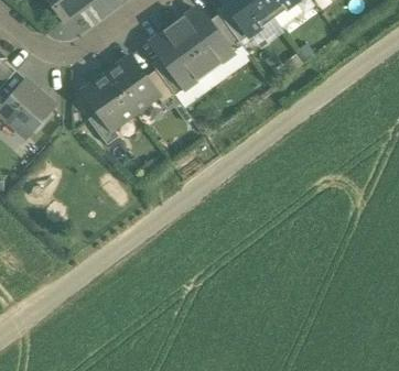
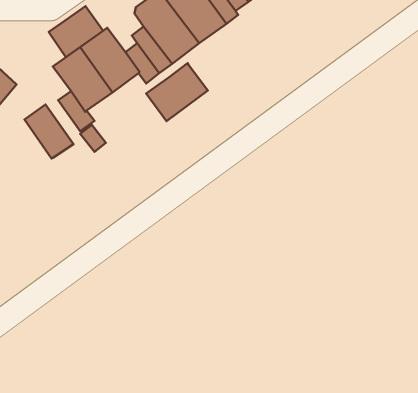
building: none -> [49,6,103,57]
building: none -> [146,63,208,121]
building: none -> [25,105,73,158]

